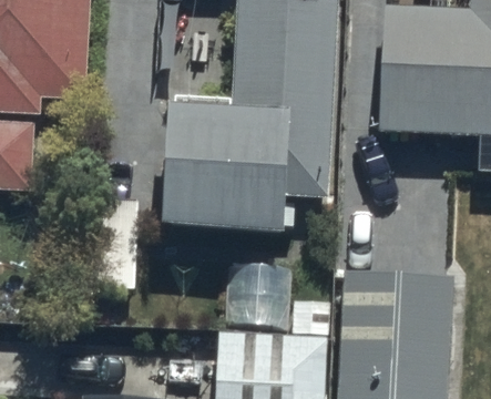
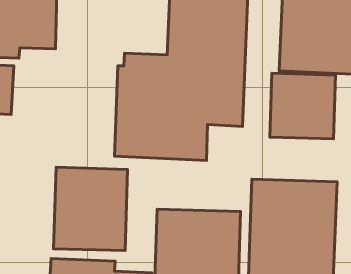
building: none -> [270,73,336,139]
building: none -> [54,167,128,250]

